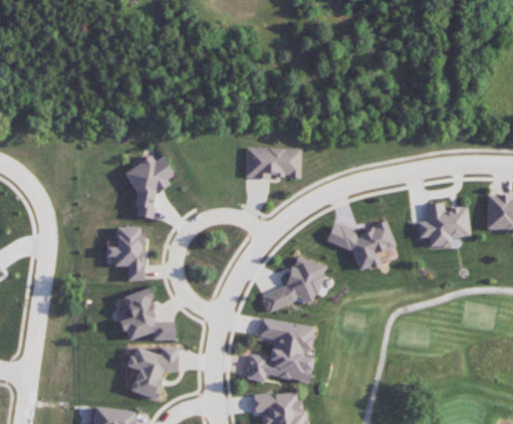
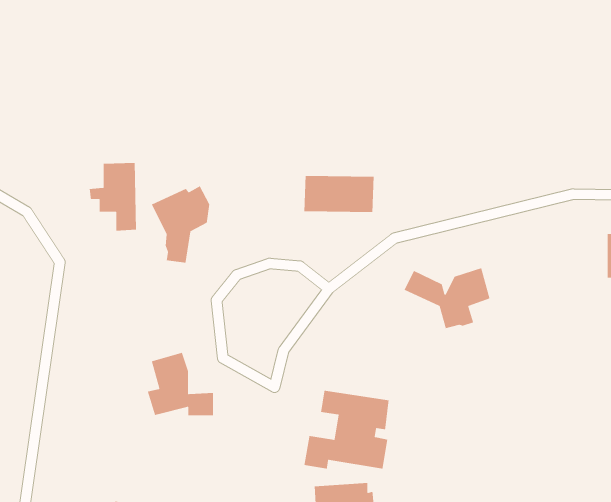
building: [417,202,470,247] -> none
building: [105,226,144,281] -> [89,162,137,231]
building: [260,255,325,311] -> none
building: [127,346,178,399] -> none

